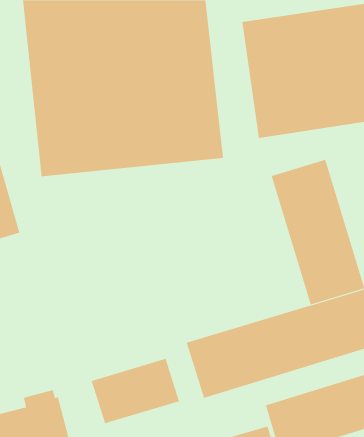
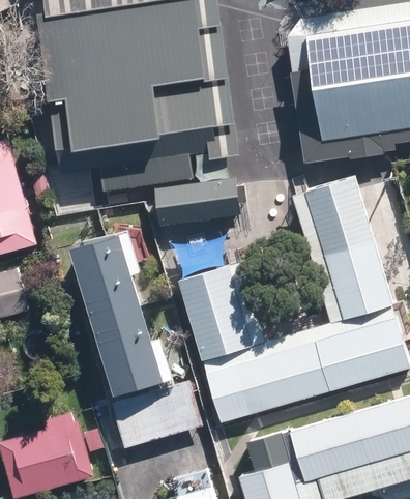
building: none -> [153,174,252,225]
building: none -> [63,234,164,400]
building: none -> [184,261,259,356]

